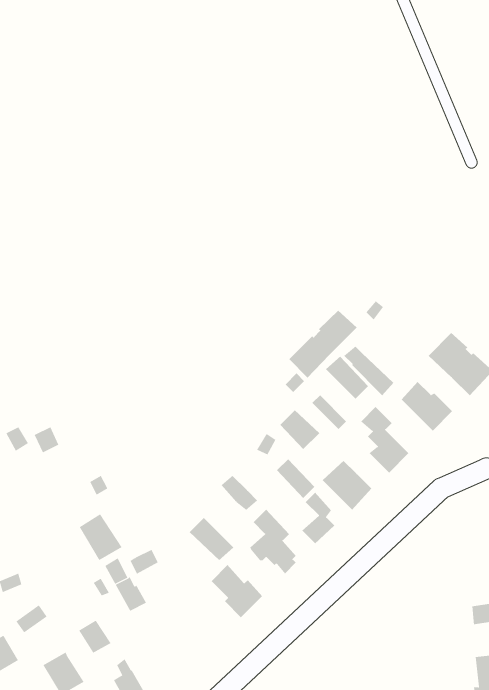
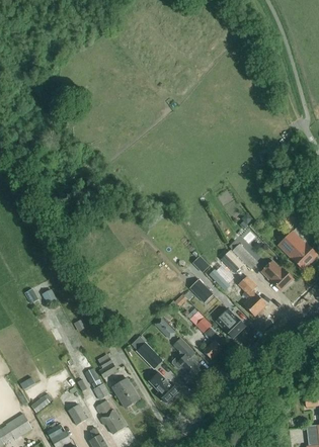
building: [288,310,358,378] -> none
building: [79,514,122,561] -> [113,378,140,407]
building: none -> [96,399,126,433]

